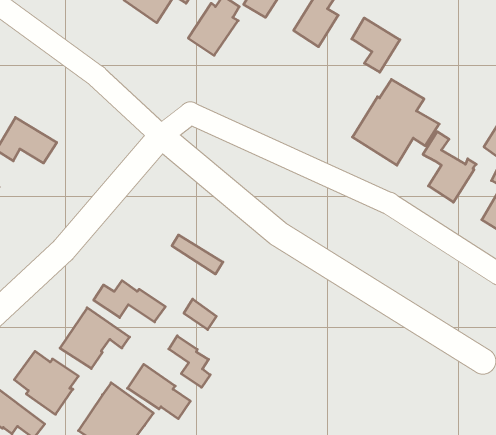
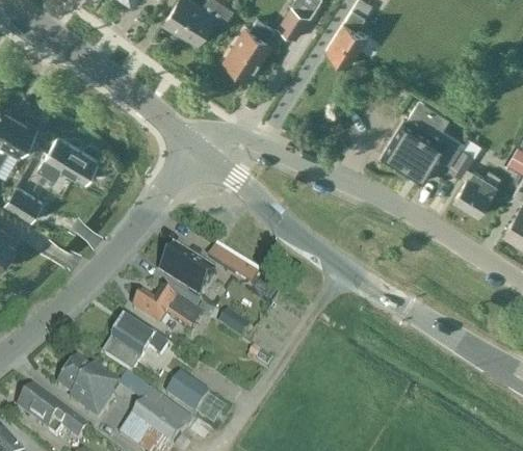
building: [352,18,400,72] -> none
building: none -> [161,246,213,295]
building: [169,336,210,387] -> none

